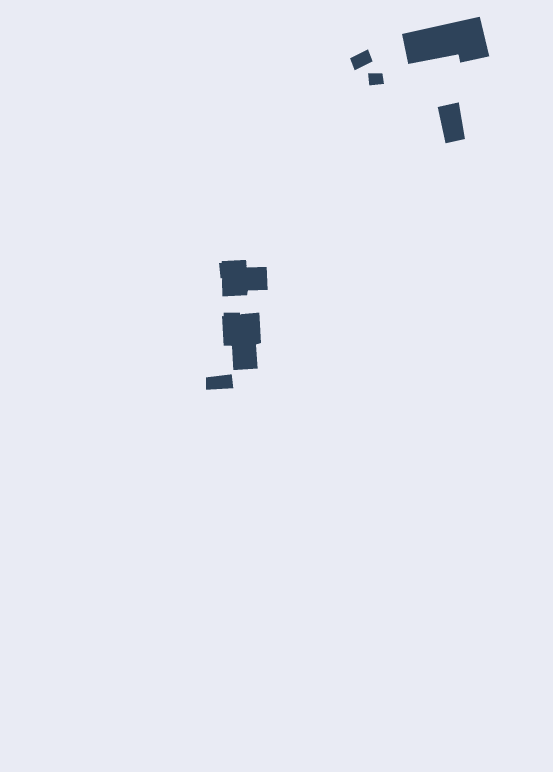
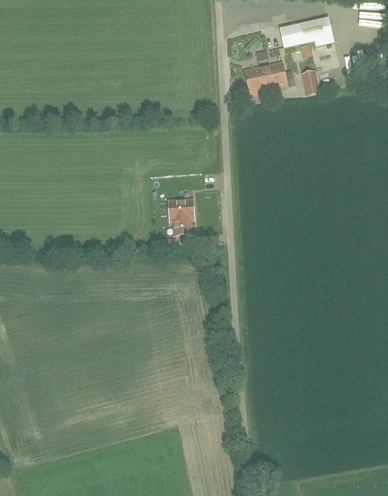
building: none -> [245,61,287,94]
building: [219,259,268,297] -> none

